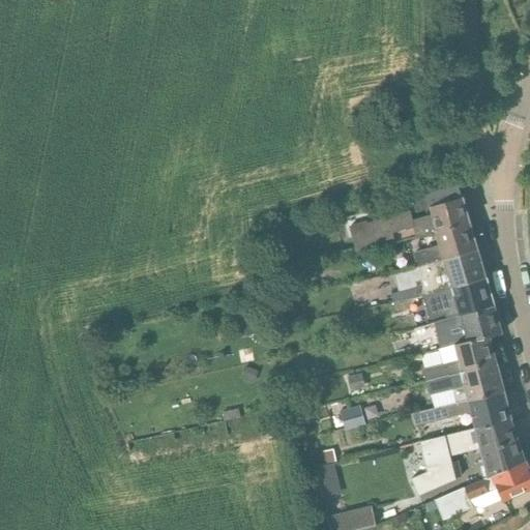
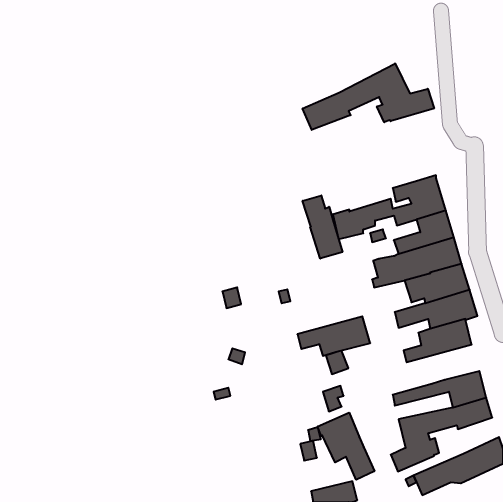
building: none -> [303,63,434,130]
building: none -> [303,195,342,259]
building: [428,362,504,404] -> [297,316,370,356]
building: none -> [318,413,374,480]
building: [481,439,525,477] -> none

